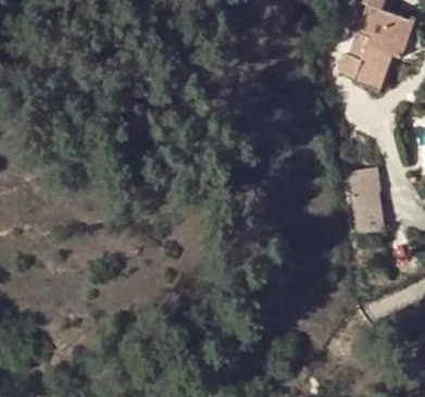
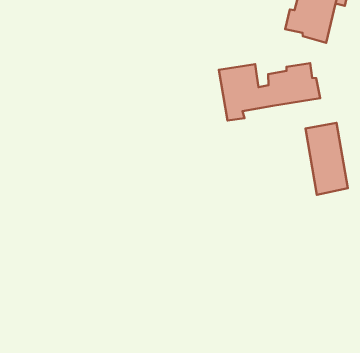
building: none -> [219,63,320,121]

